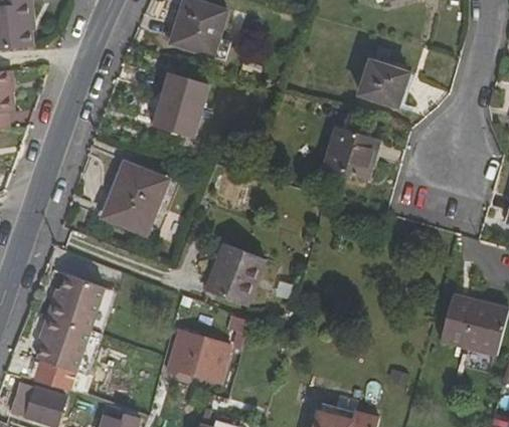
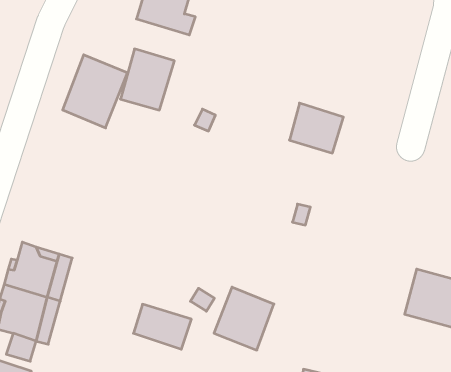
building: [359,59,409,106] -> none
building: [103,161,168,234] -> [63,55,128,128]
building: [205,243,266,306] -> [214,287,274,350]

